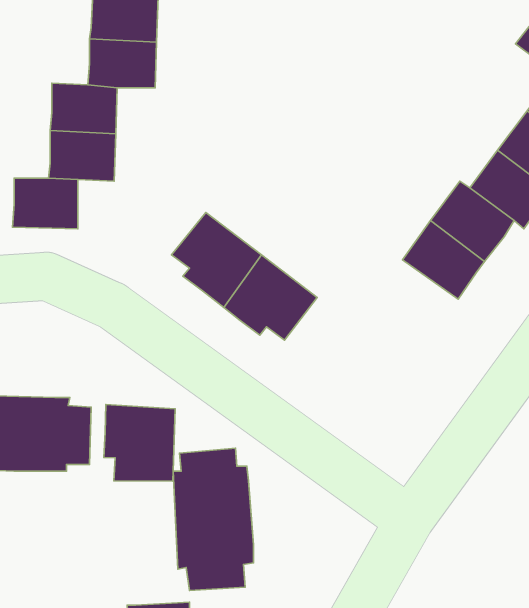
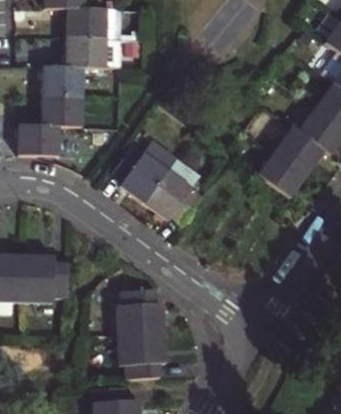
building: [104,405,175,481] -> none

